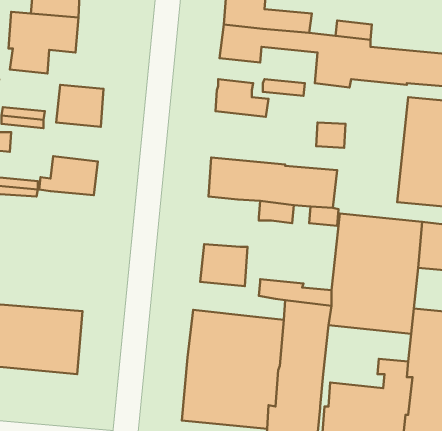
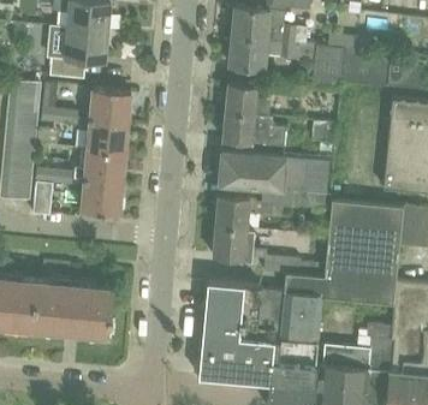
building: none -> [222,113,289,149]
building: none -> [87,123,127,156]
building: none -> [81,181,121,216]
building: none -> [216,198,257,230]

